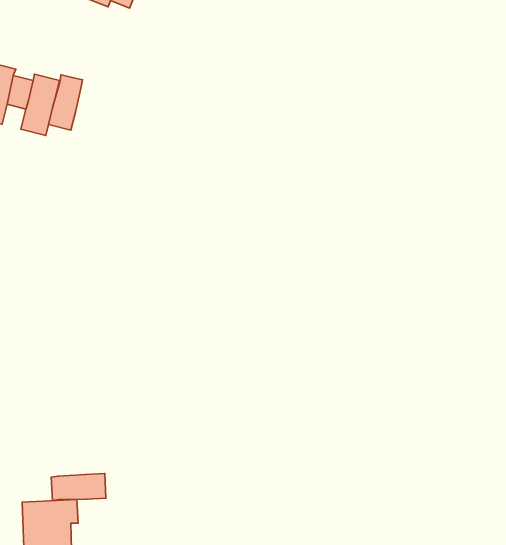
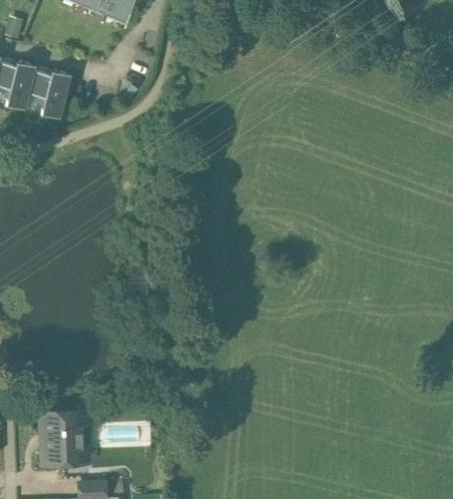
building: [48,75,82,130] -> none
building: [51,474,106,501] -> none

